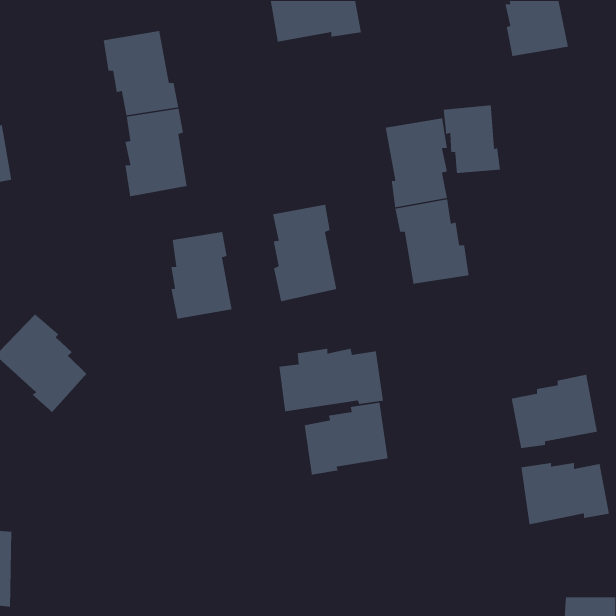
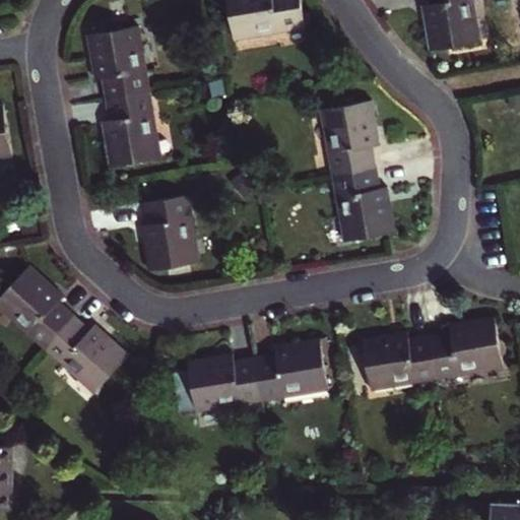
building: [443,104,501,174] -> none
building: [272,204,337,302] -> none
building: [279,348,384,412] -> [173,356,261,410]
building: none -> [44,316,128,391]
building: [520,462,610,525] -> [362,335,437,388]

